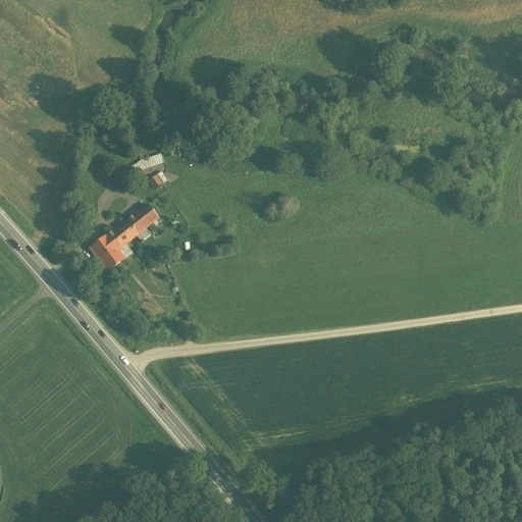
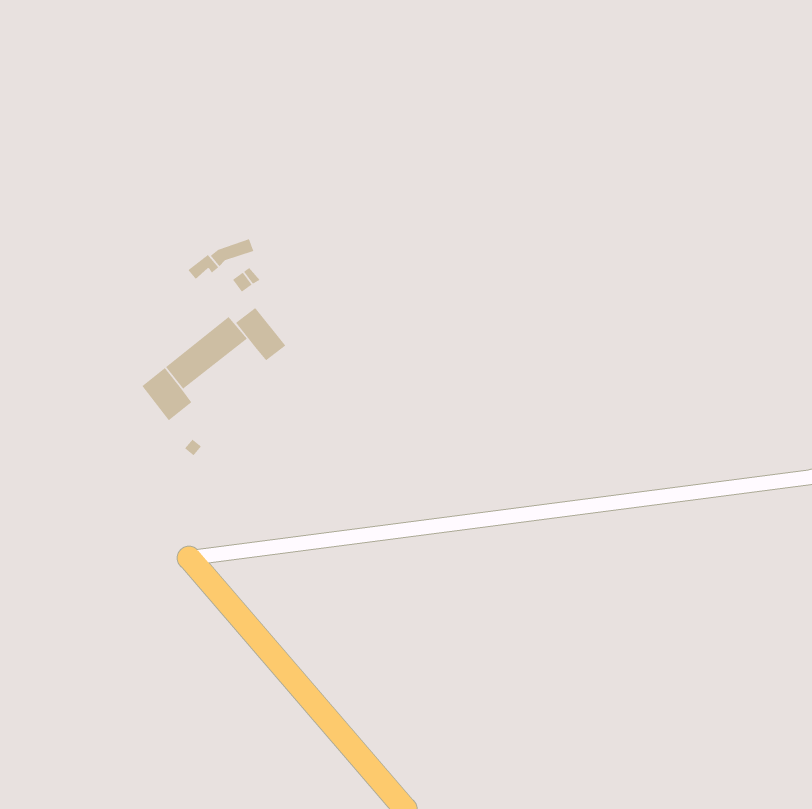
building: none -> [235,307,286,361]

